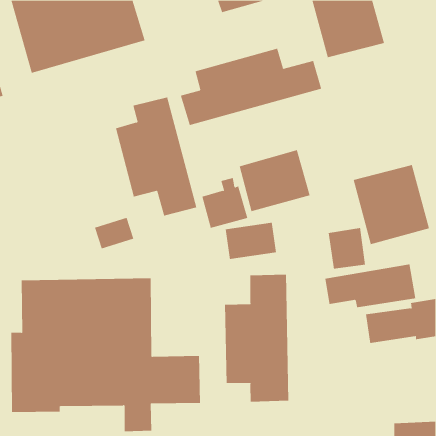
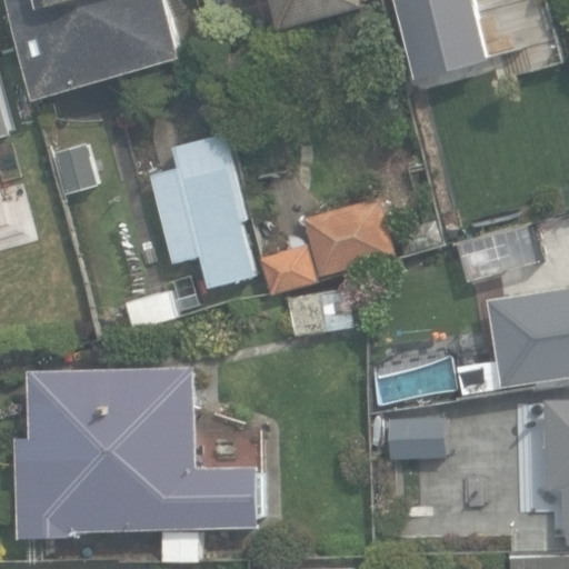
building: [180,48,322,126] -> none
building: [224,274,289,403] -> none

